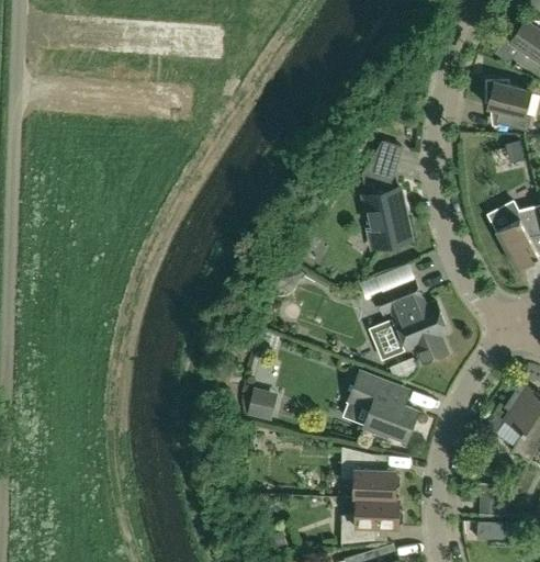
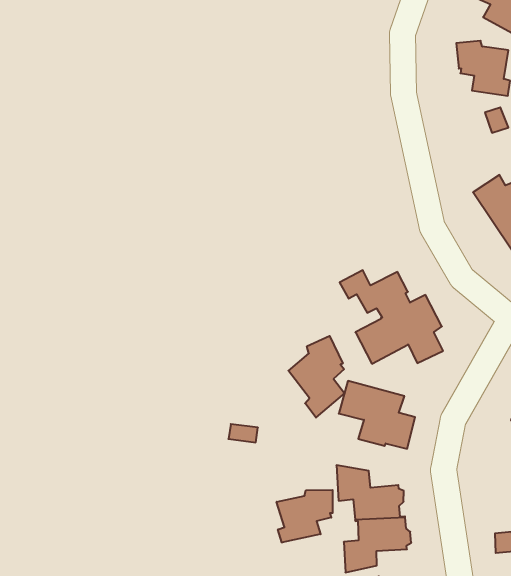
building: [362,140,410,248] -> none
building: none -> [288,336,344,418]
building: none -> [277,490,333,543]

